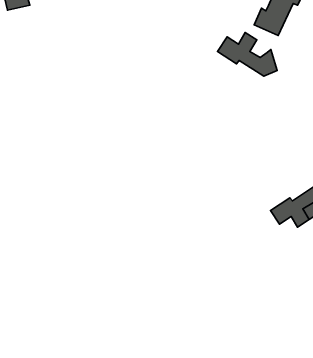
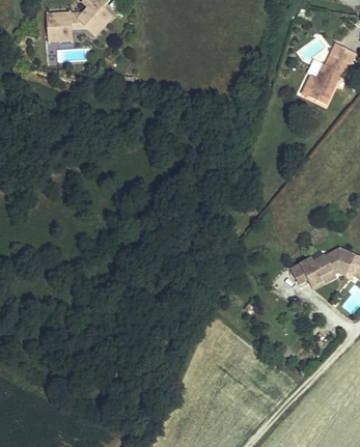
building: [218,32,277,76] -> none

